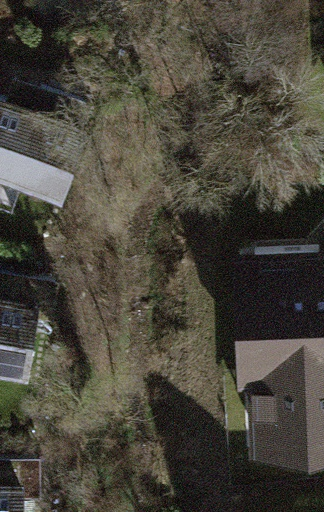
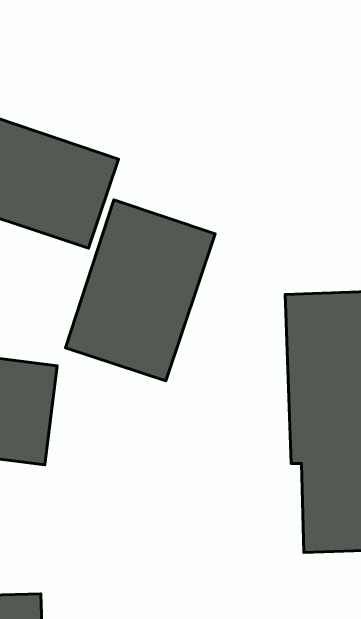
building: none -> [66,200,215,381]

